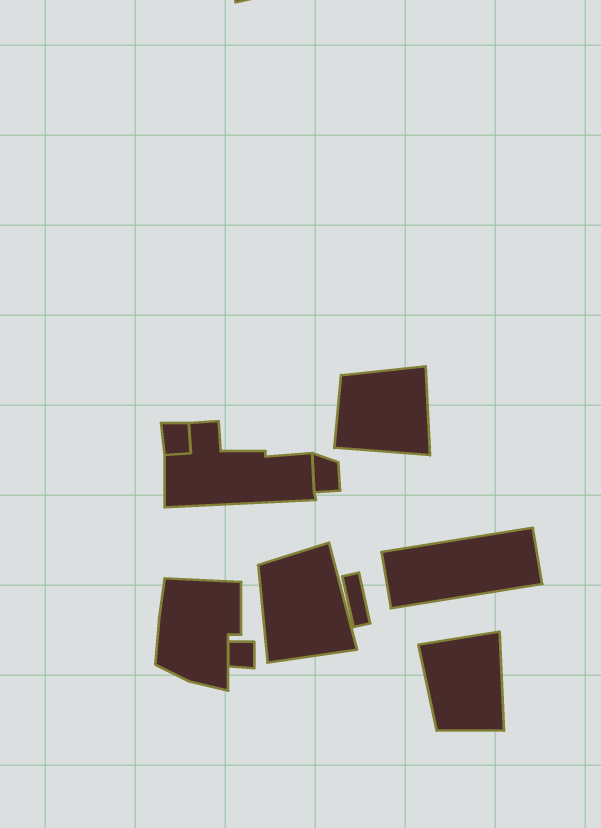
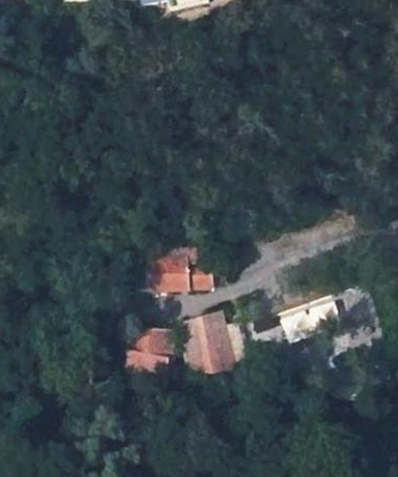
building: [334,366,430,455] -> none
building: [419,632,504,731] -> none

